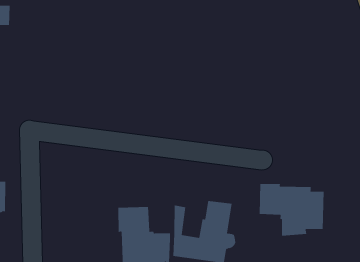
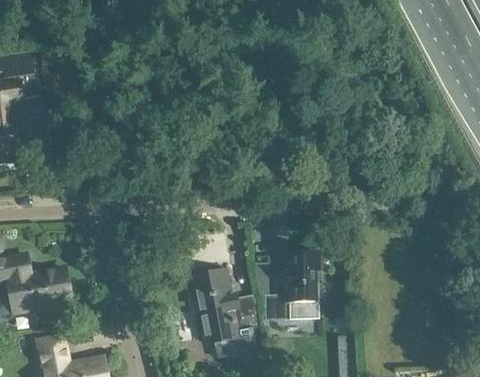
building: [259,183,324,236] -> none

